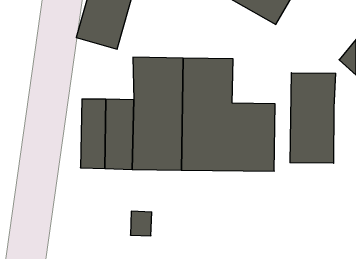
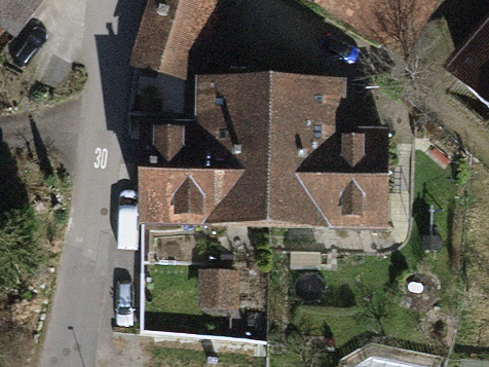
building: [290,73,336,163] -> none

